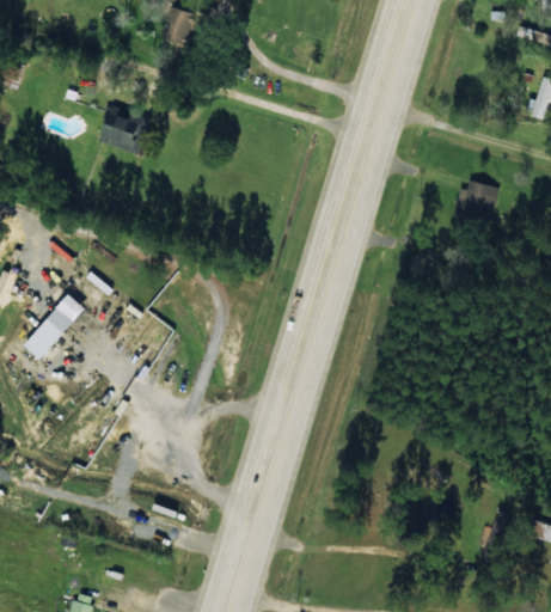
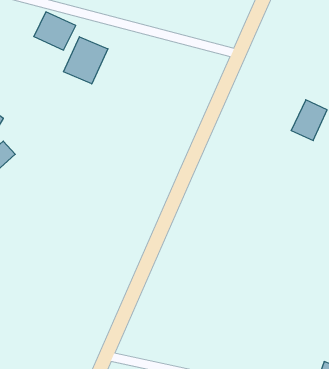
building: none -> [63,37,108,84]

